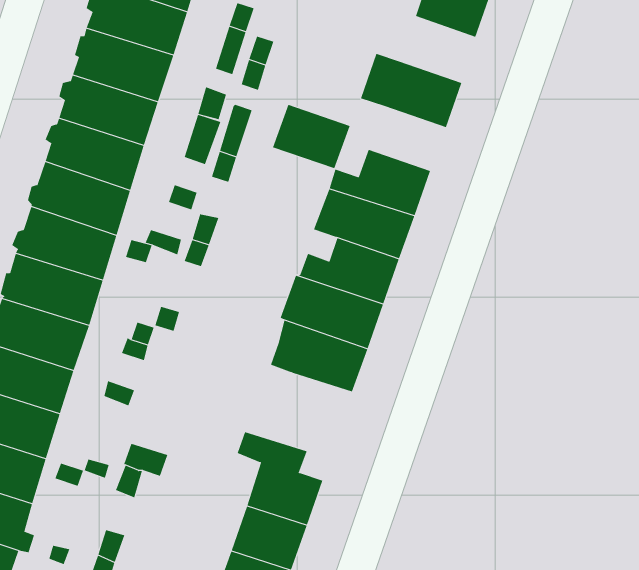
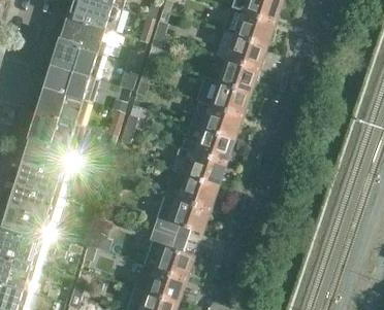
building: none -> [232,10,273,45]
building: [272,104,350,169] -> [216,58,257,92]
building: none -> [151,198,207,239]

